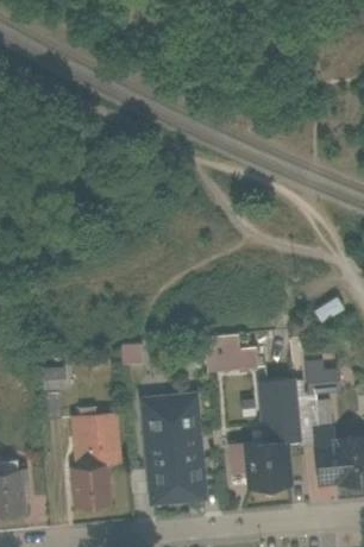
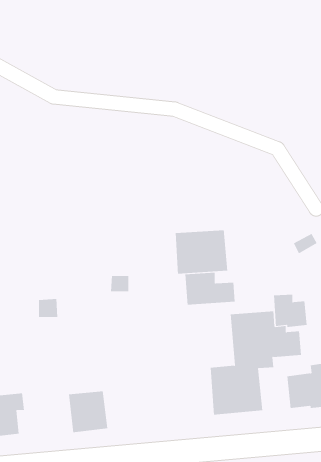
building: none -> [175,229,228,275]
building: [142,397,203,507] -> none
building: [75,414,127,467] -> none

